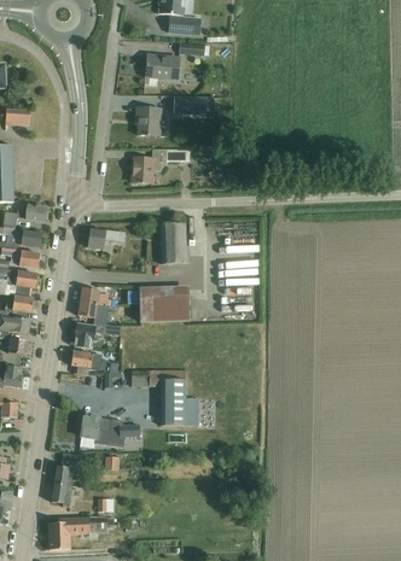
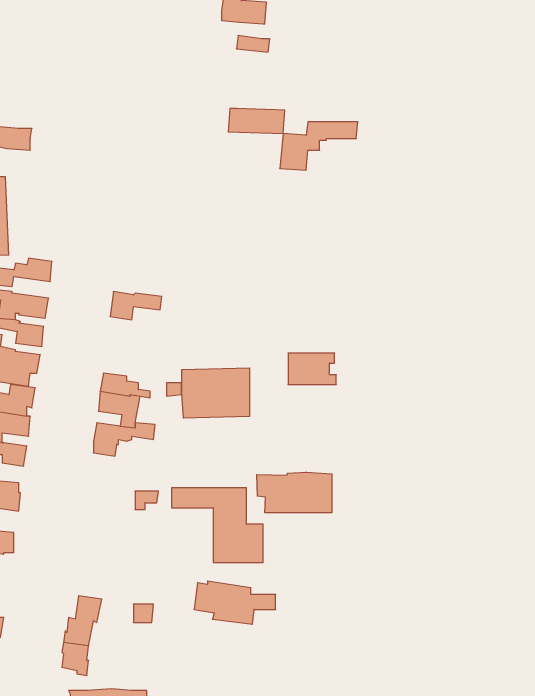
building: [145,54,179,78] -> none
building: [136,106,168,135] -> none
building: [132,148,188,183] -> [280,122,358,170]
building: [144,222,187,263] -> none
building: [71,350,101,374] -> none
building: none -> [257,472,332,513]
building: [81,415,140,446] -> [194,581,276,624]

